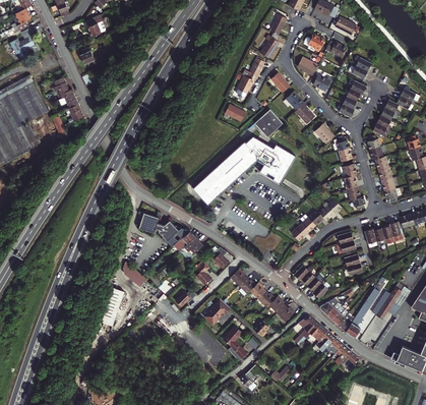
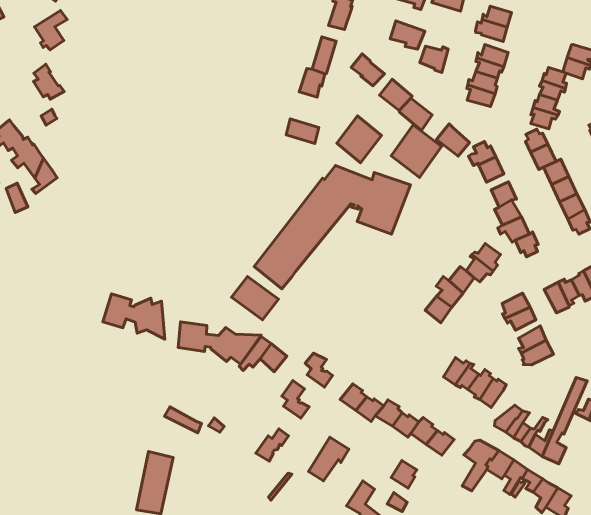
building: none -> [391,125,441,177]
building: none -> [103,294,165,339]
building: none -> [231,277,278,320]

